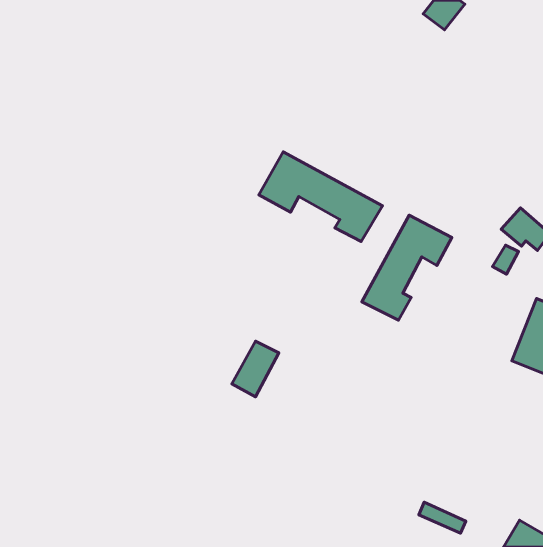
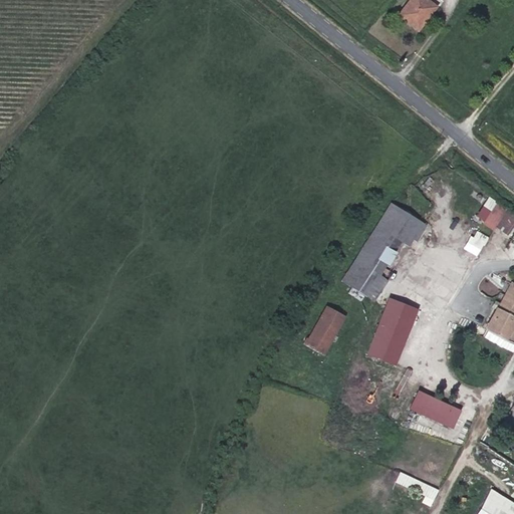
building: [259,152,383,242] -> none
building: none -> [367,297,419,366]
building: [232,341,279,397] -> [304,304,348,356]
building: none -> [410,390,463,429]

